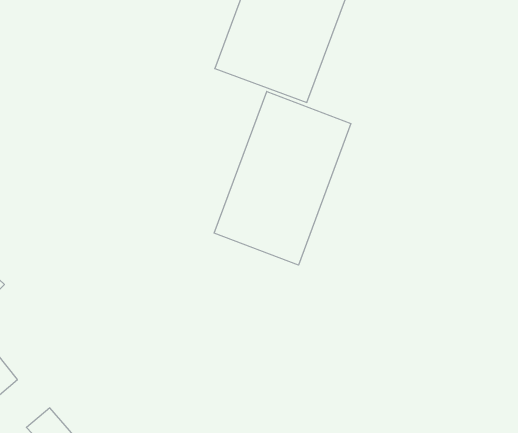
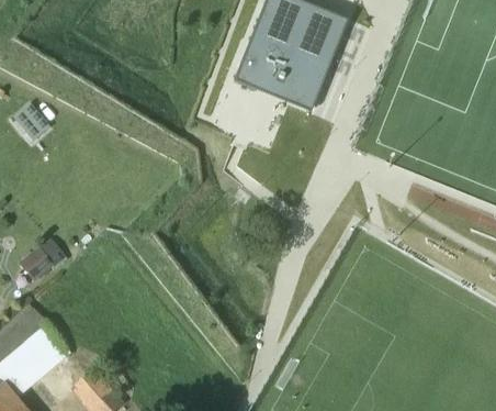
building: [214,91,351,265] -> none

